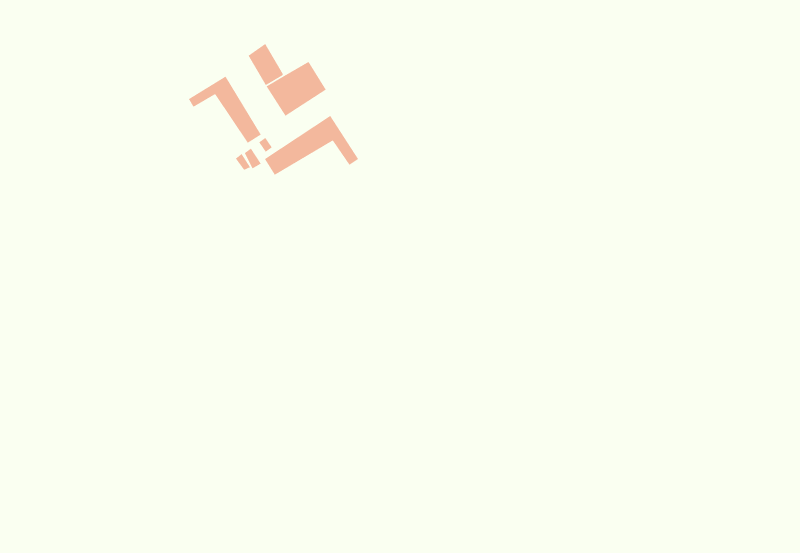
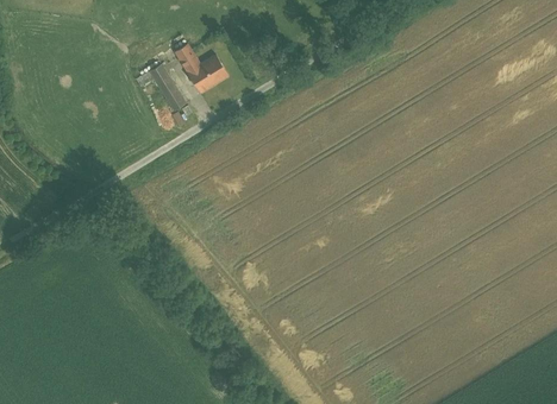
building: [264,115,359,176] -> none

